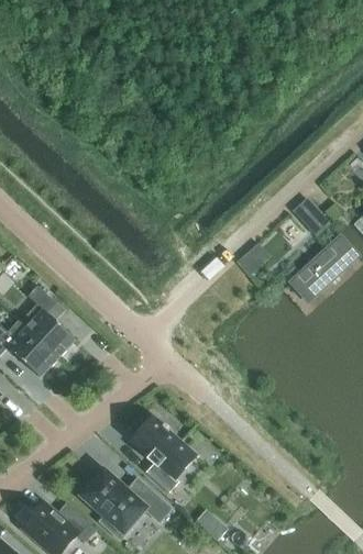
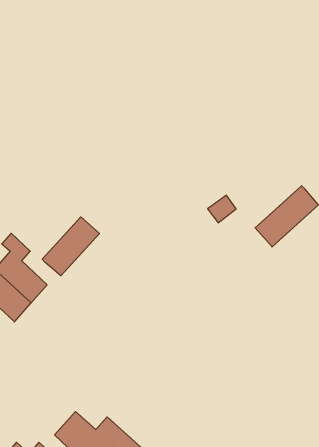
building: [293,198,328,234] -> none
building: none -> [42,217,99,276]
building: [131,417,196,492] -> none

